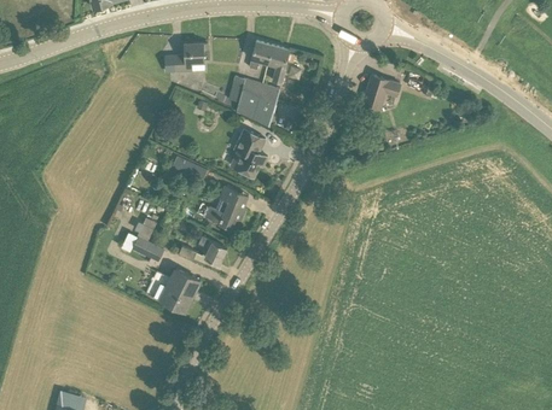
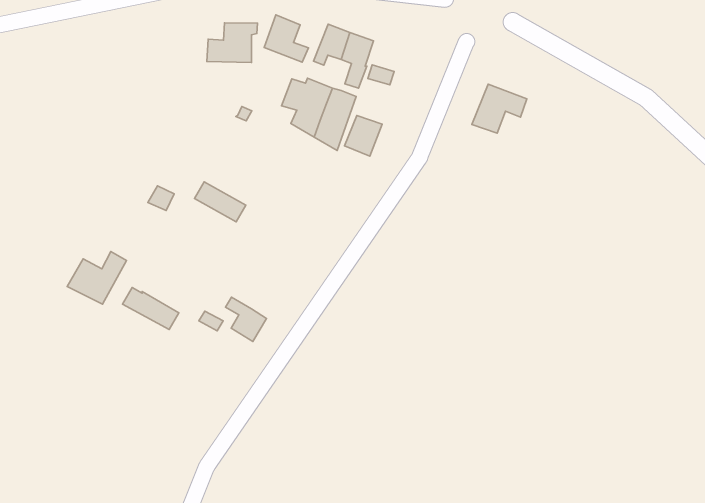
building: none -> [264,15,309,62]
building: [229,128,268,177] -> none
building: [202,186,248,228] -> none
building: none -> [67,251,126,304]
building: [147,268,201,312] -> none

